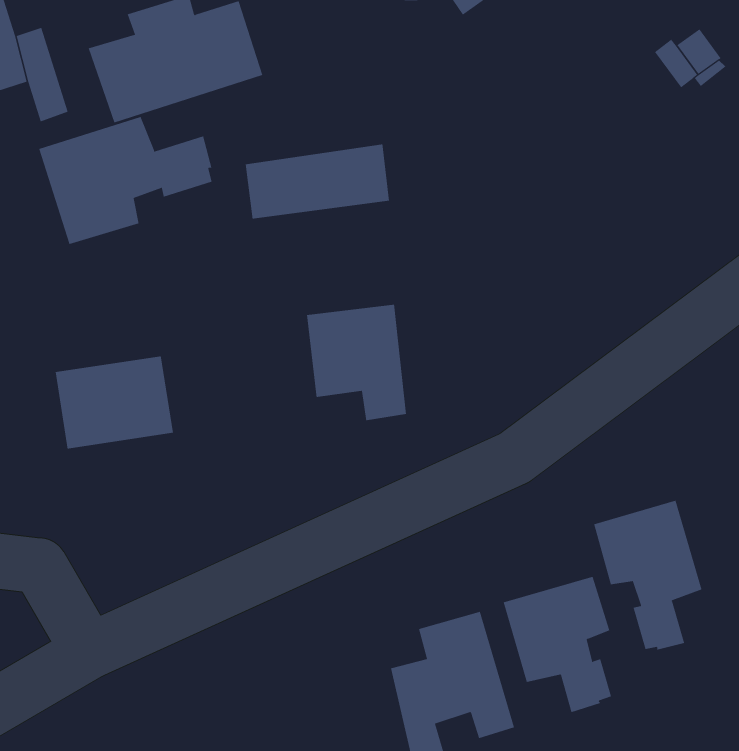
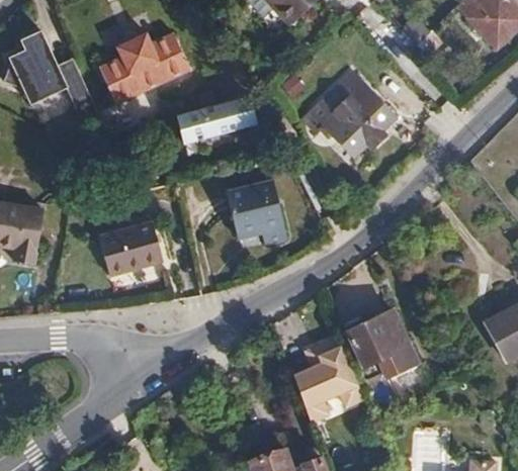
building: none -> [310,72,393,156]
building: [38,116,212,245] -> none
building: [594,500,702,651] -> none

